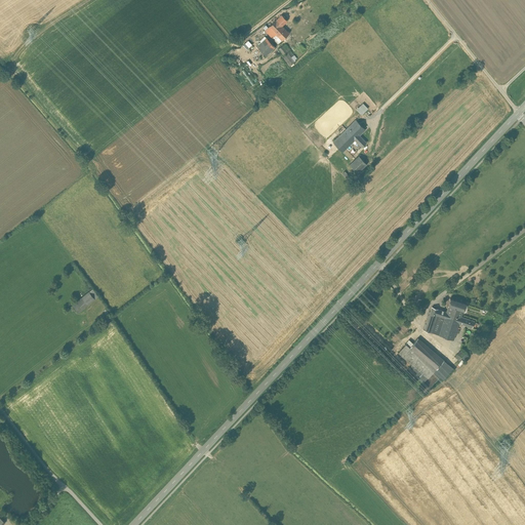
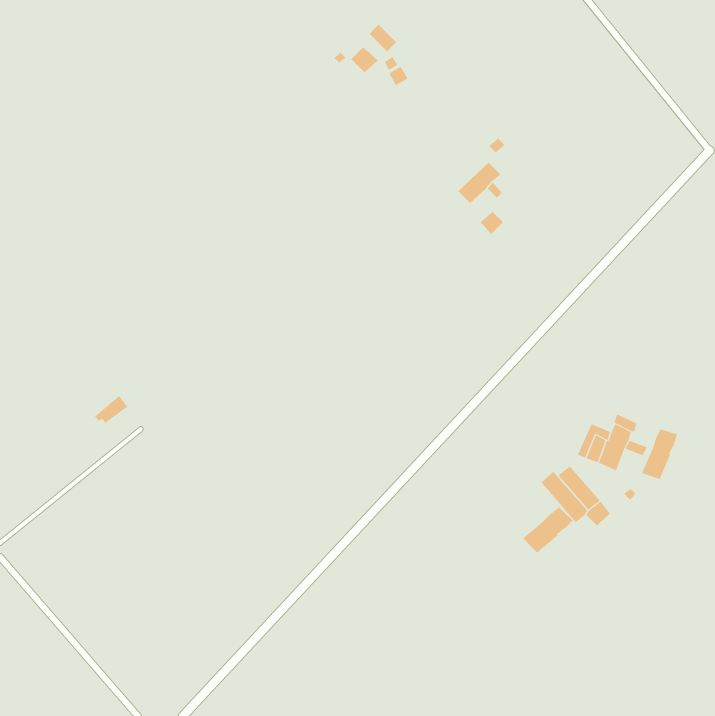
building: none -> [641,428,678,480]
building: none -> [522,507,573,554]

